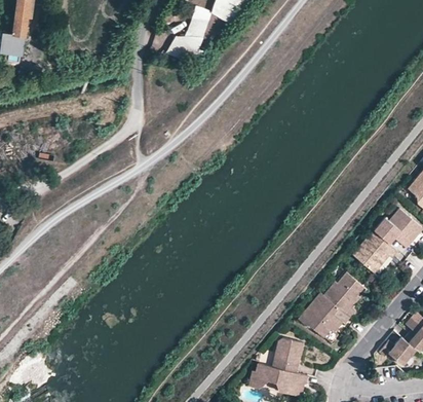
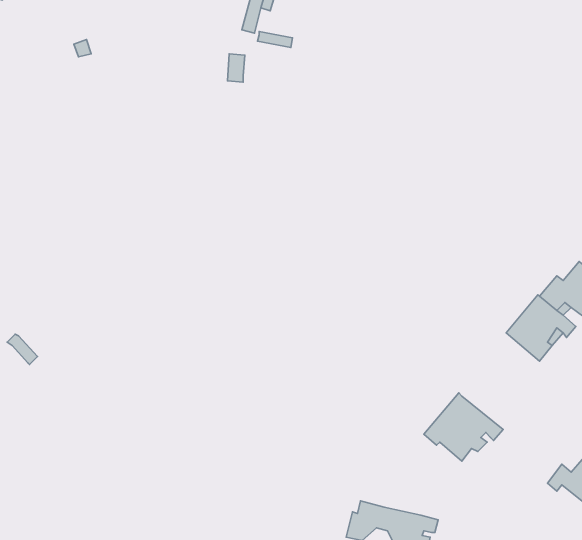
building: [323,271,364,317] -> none
building: [273,337,304,372] -> none

